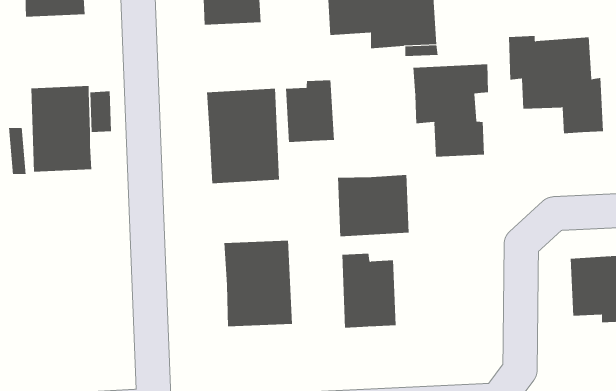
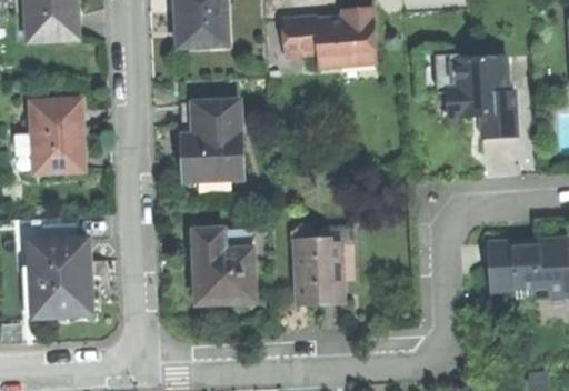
building: [413,64,489,157] -> none
building: [285,79,334,143] -> none
building: [337,174,409,237] -> none
building: none -> [29,237,90,314]

